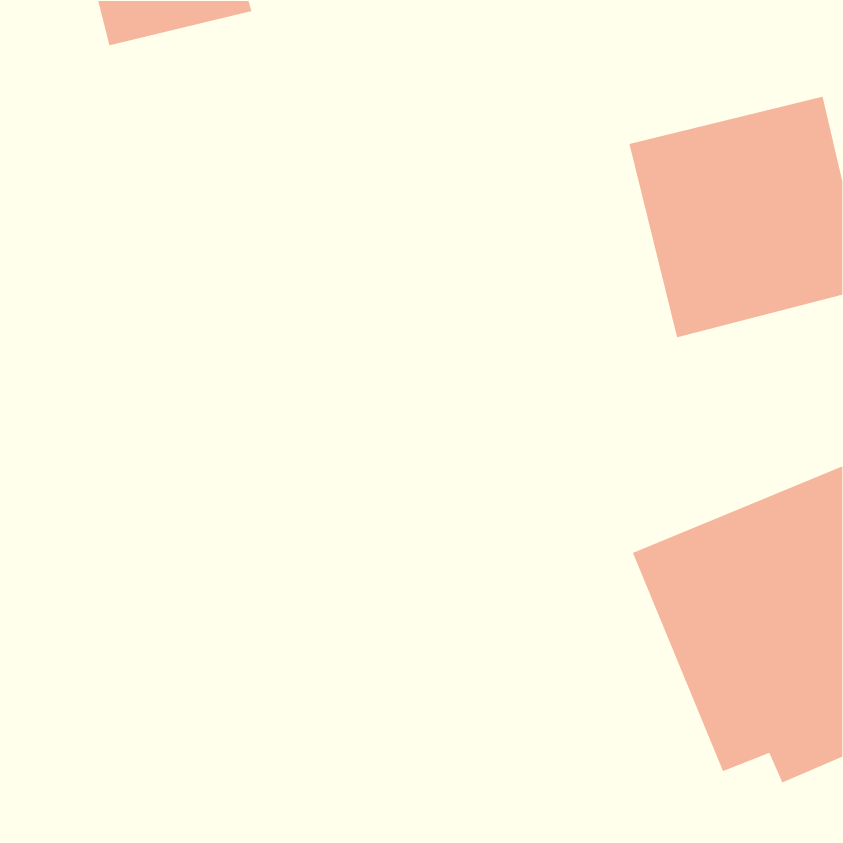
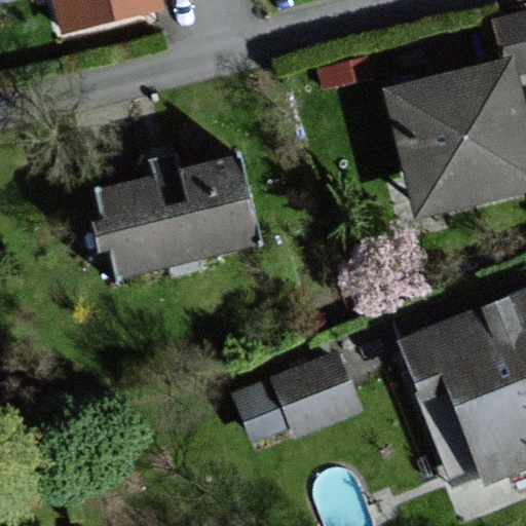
building: none -> [107,157,257,271]
building: none -> [266,350,364,443]

